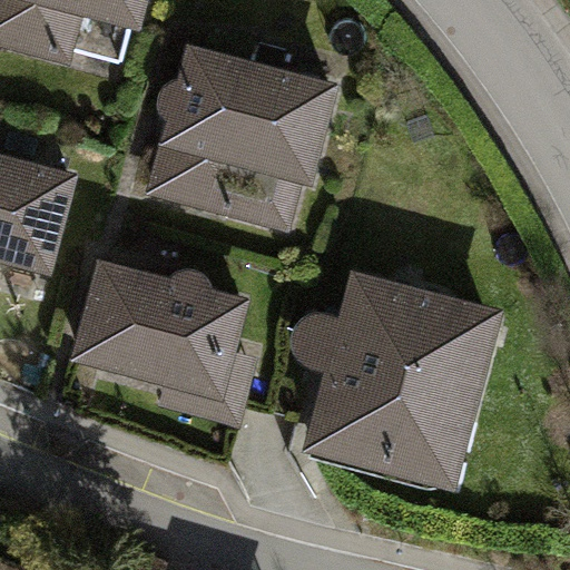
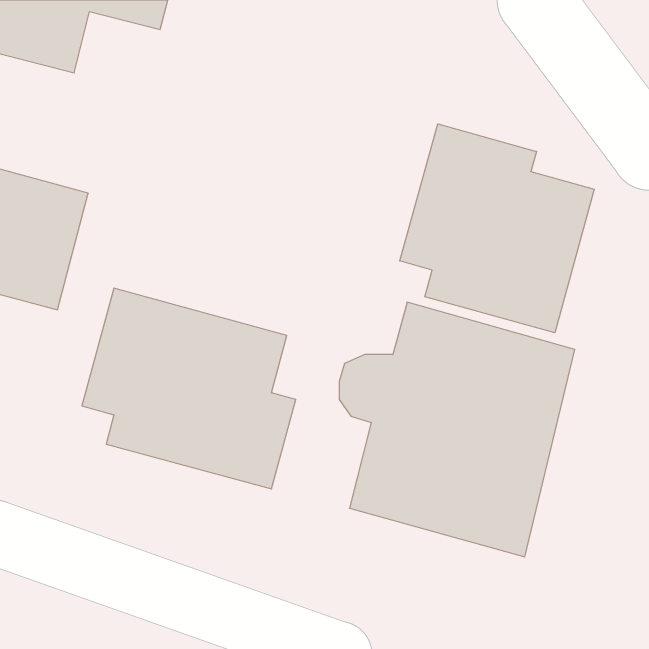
building: [149,46,340,230] -> none
building: none -> [400,124,594,333]

